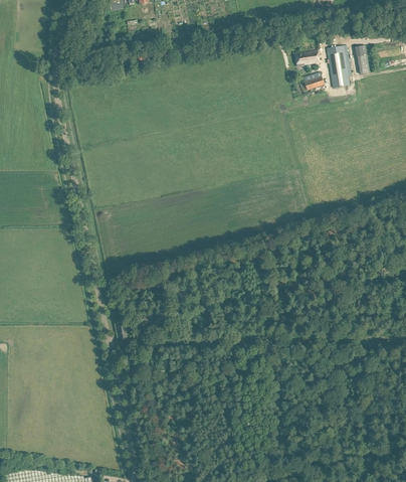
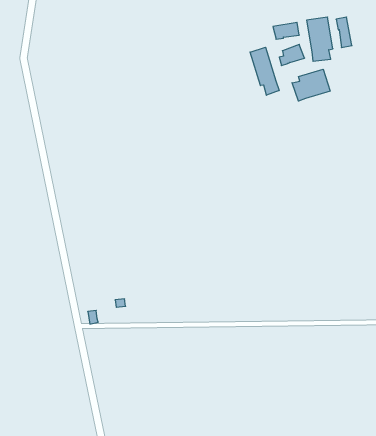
building: none -> [250,47,279,95]
building: none -> [292,69,330,101]

